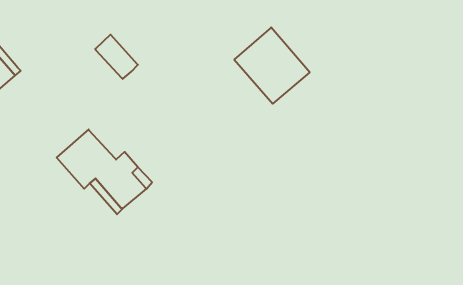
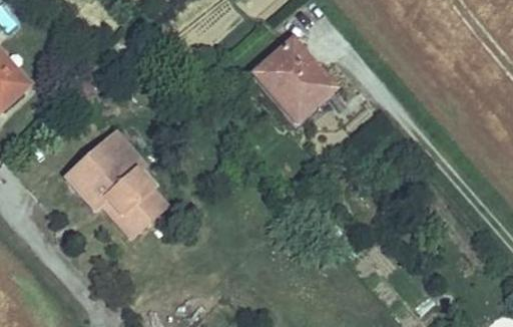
building: [95,35,138,79] -> [100,131,145,179]

